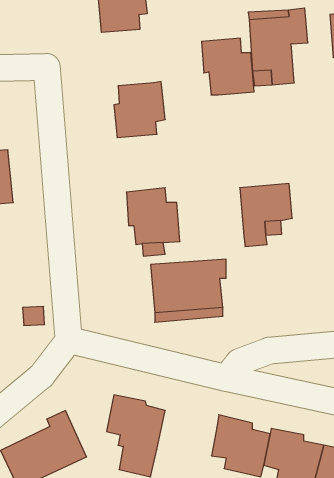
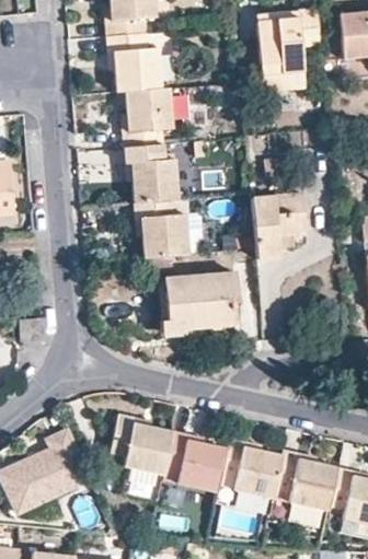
building: [202,38,254,95] -> [106,33,161,92]
building: none -> [123,142,179,202]
building: none -> [164,430,227,492]

